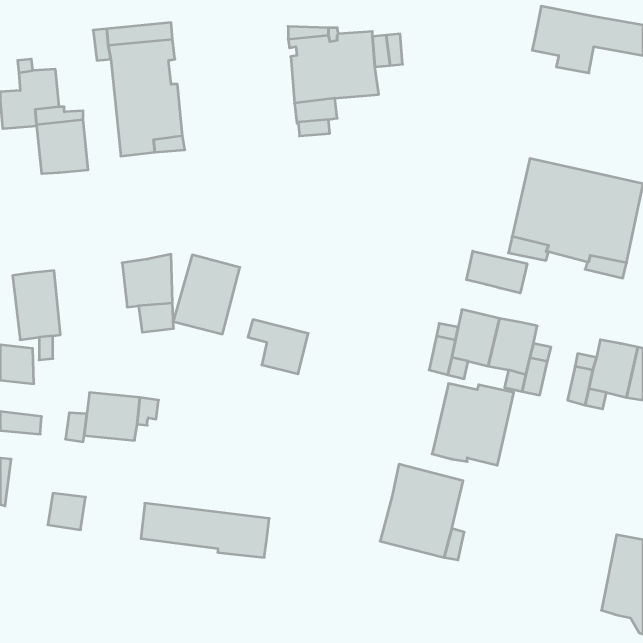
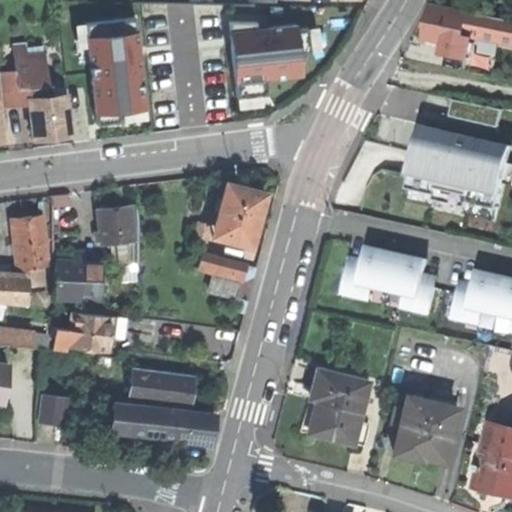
building: [466,251,527,293] -> none
building: [173,255,240,334] -> [212,182,265,245]
building: none -> [54,259,101,299]
building: [432,384,514,465] -> [393,396,458,461]
building: none -> [129,367,192,408]

